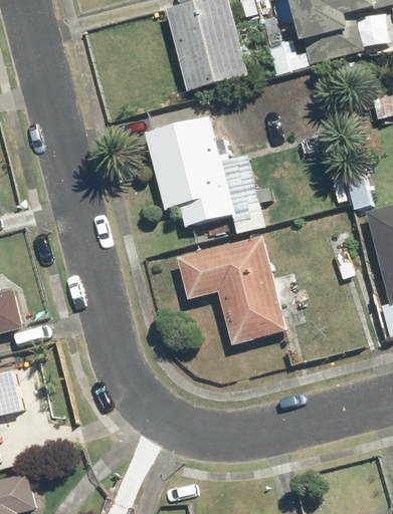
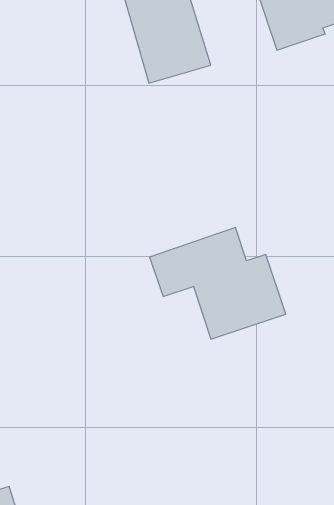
building: [148,117,261,233] -> none

